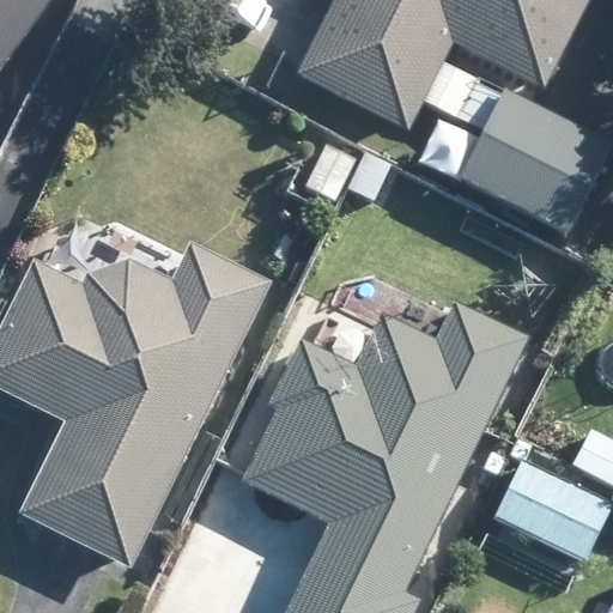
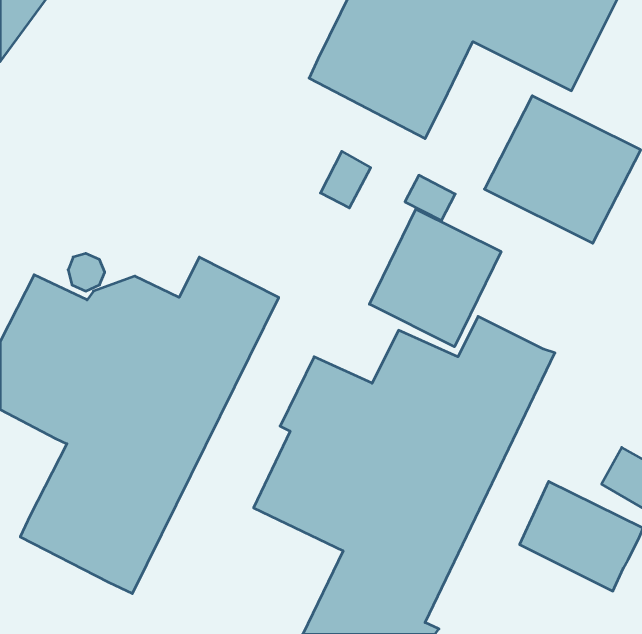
building: none -> [369,209,501,347]

